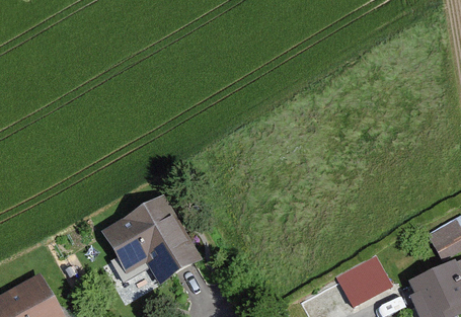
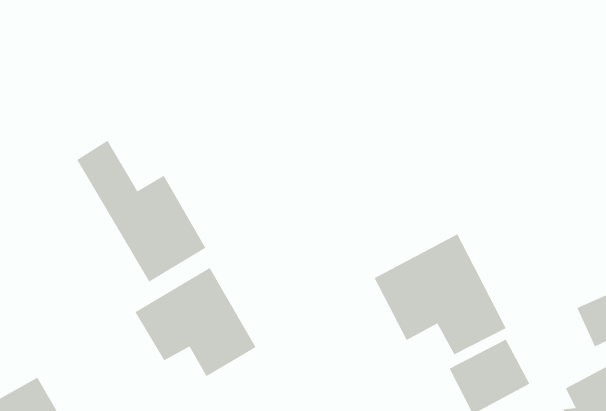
building: none -> [76,140,206,282]
building: none -> [374,233,507,355]

